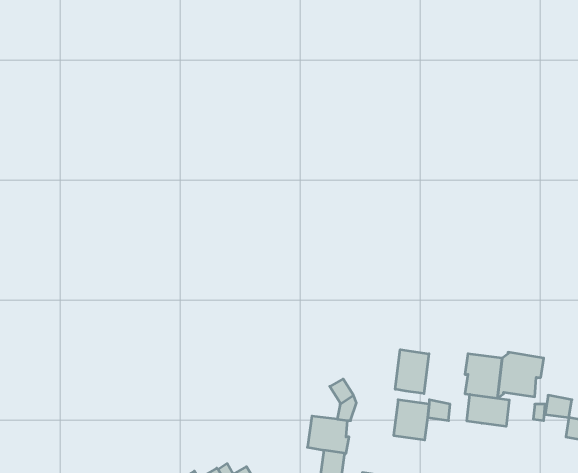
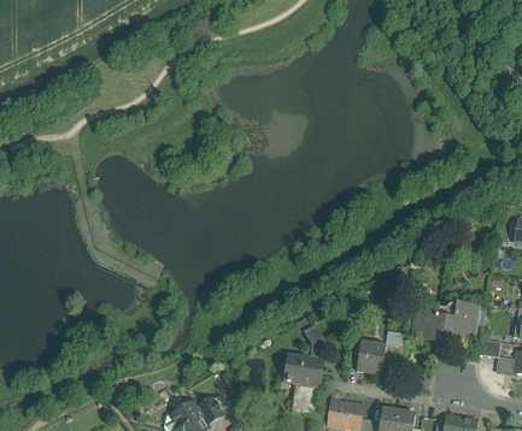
building: [395,350,429,394] -> none
building: [467,394,509,426] -> none

